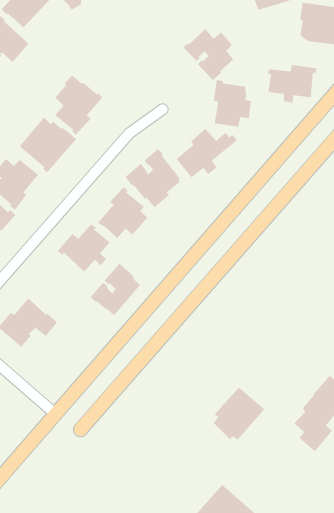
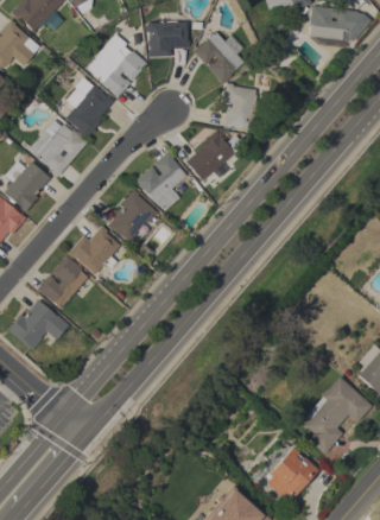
building: none -> [146,20,190,56]
building: none -> [87,34,147,97]
building: [268,64,317,103] -> none
building: [90,263,141,316] -> [37,254,88,307]
building: [213,387,265,441] -> [267,446,319,500]

